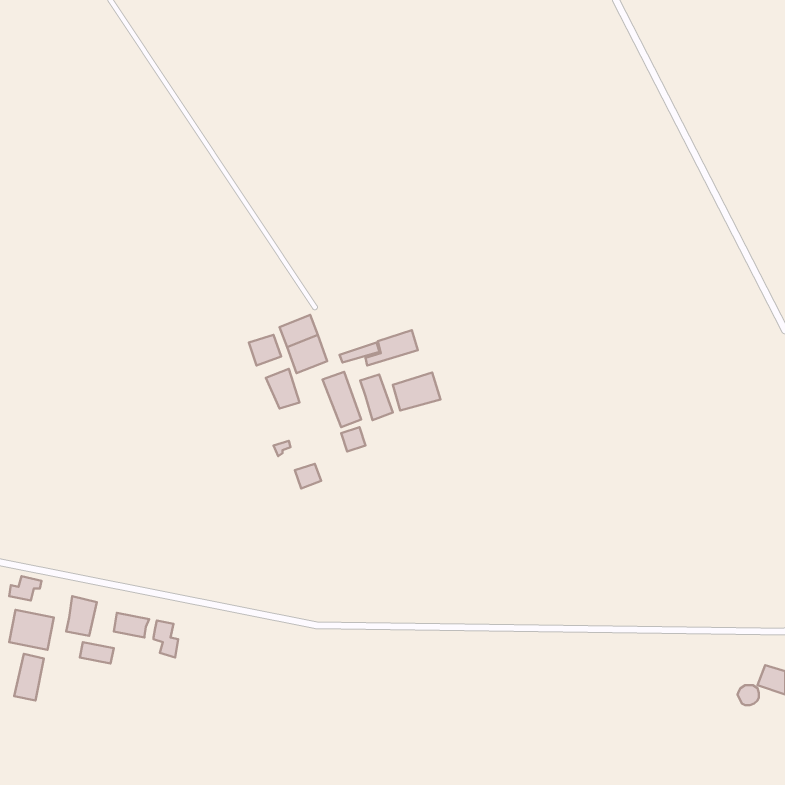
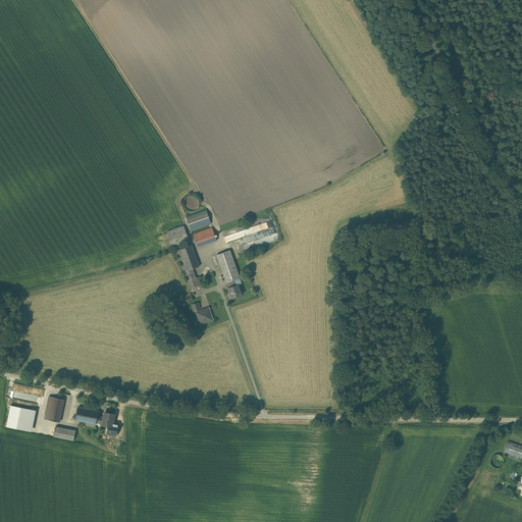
building: [393,372,441,410] -> none
building: [360,375,393,420] -> none
building: [14,654,44,700] -> none

